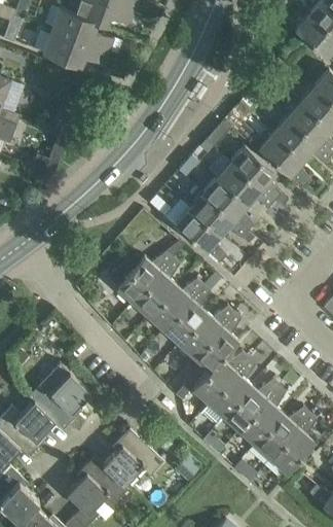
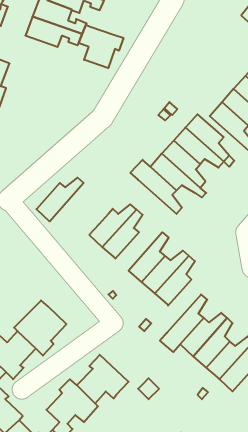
building: none -> [79,25,124,68]
building: [147,279,202,330] -> [36,178,84,221]
building: [192,352,248,403] -> none

